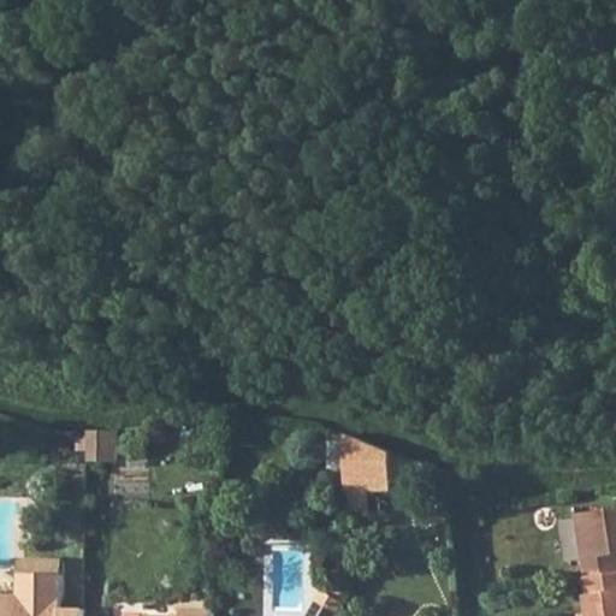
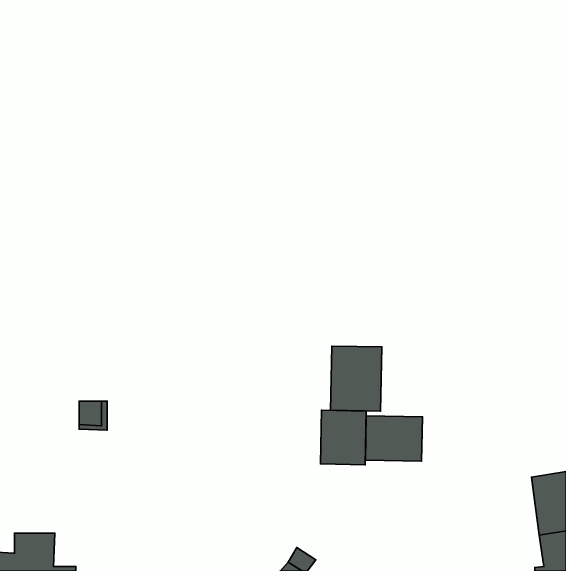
building: none -> [330,346,382,411]
building: none -> [365,416,422,461]

